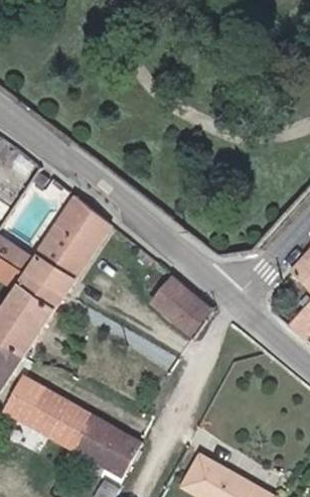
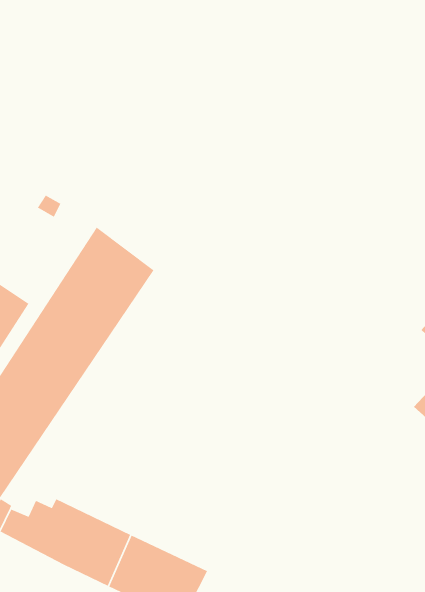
building: [156,278,210,332] -> none

